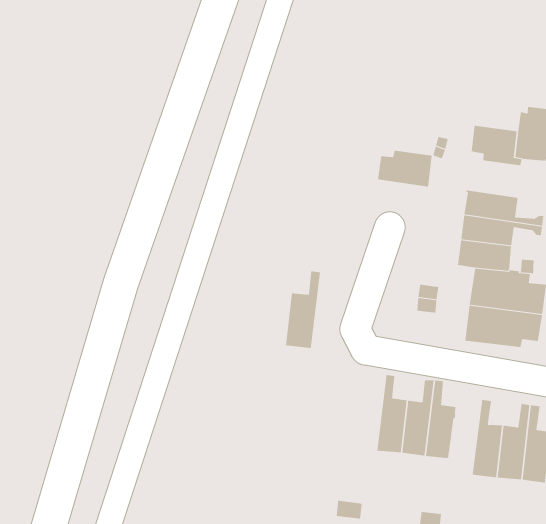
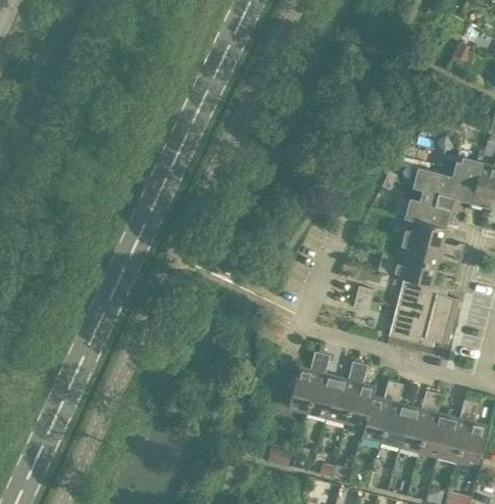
building: [377,150,432,187] -> [404,195,450,228]
building: [285,271,321,349] -> [287,352,323,413]
building: none -> [360,381,395,442]

